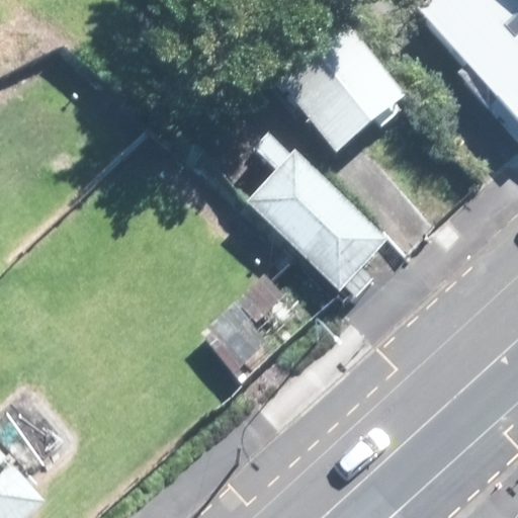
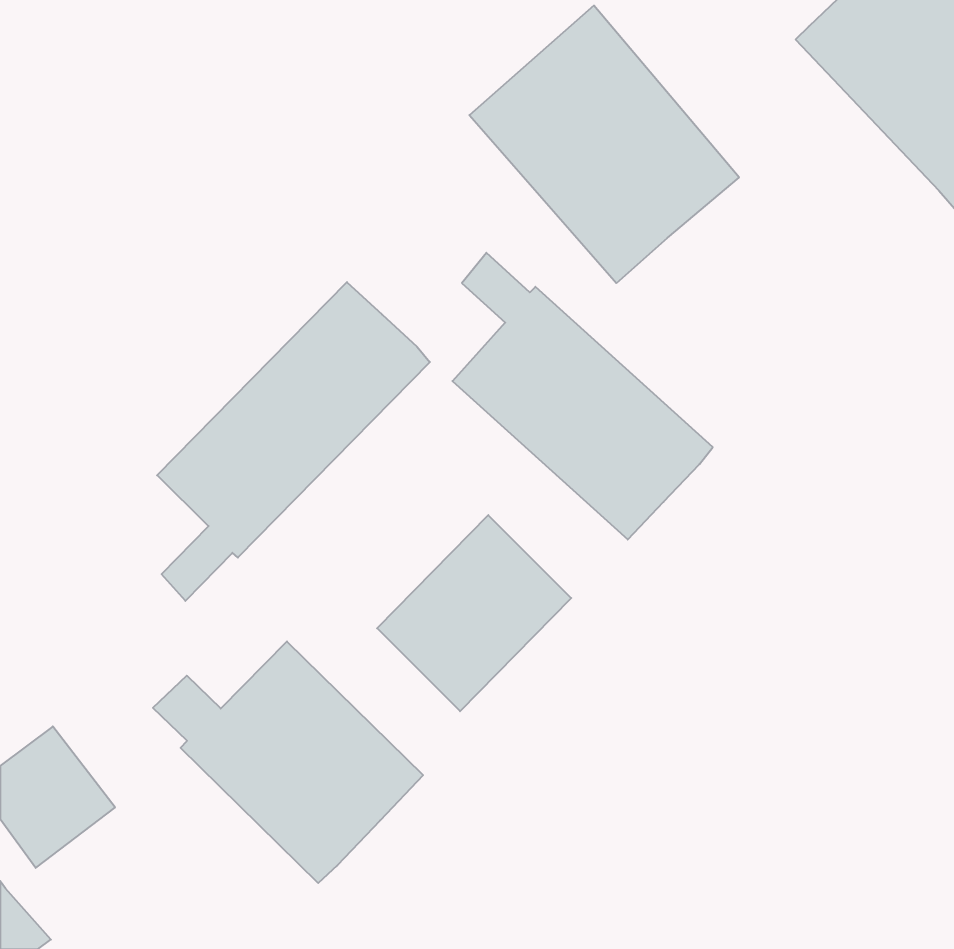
building: none -> [157,282,430,601]
building: none -> [153,641,423,883]

